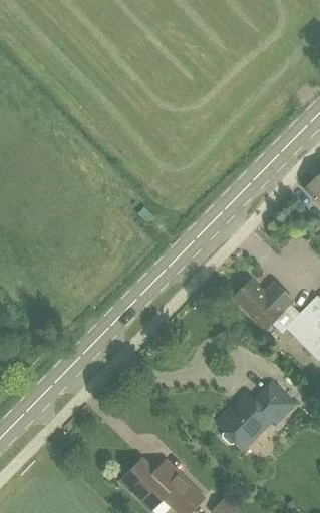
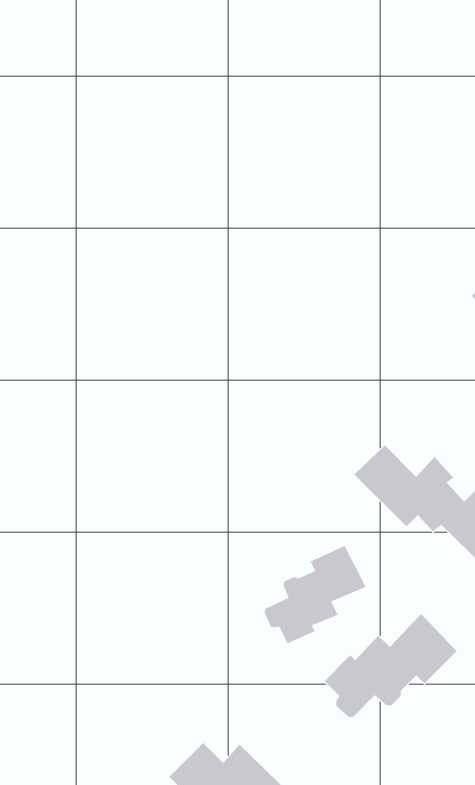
building: none -> [264,545,367,644]

